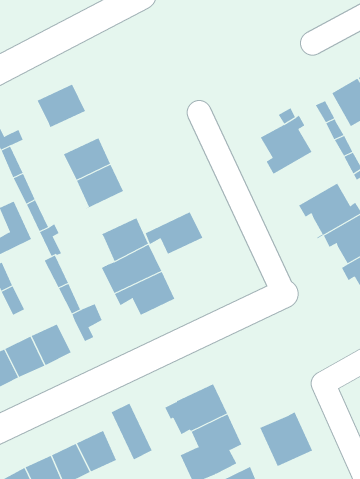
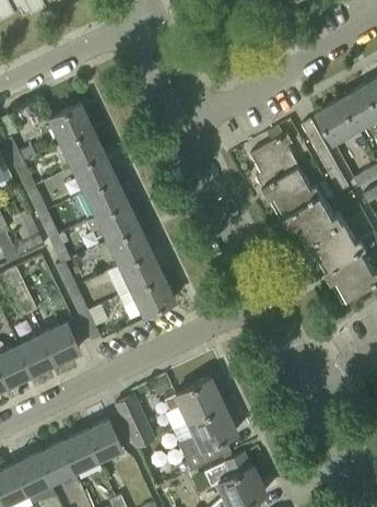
building: none -> [59,130,104,169]
building: none -> [263,167,322,220]
building: [145,212,203,255] -> [85,203,139,243]
building: [259,412,313,467] -> none

